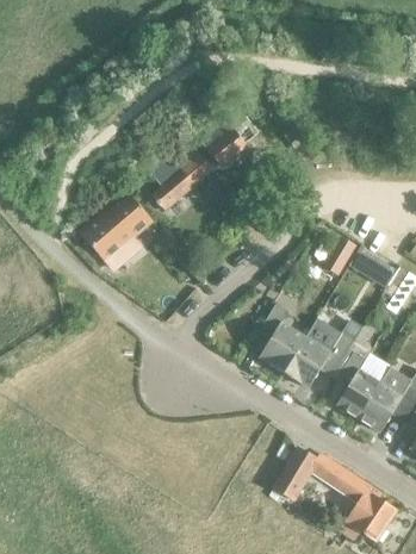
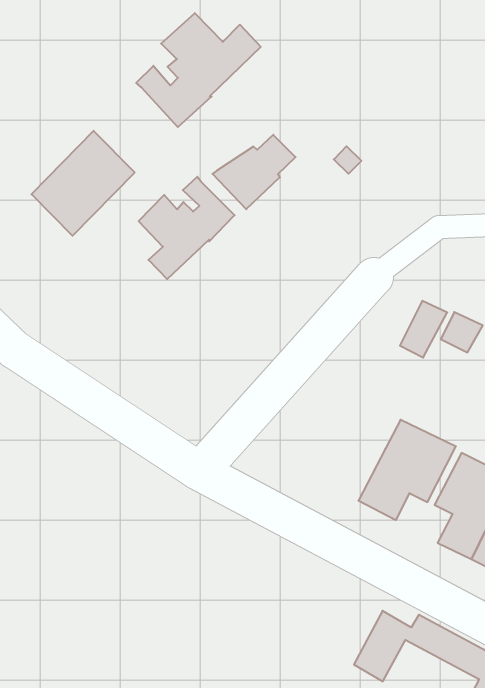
building: none -> [136,13,261,127]
building: [81,192,154,263] -> [31,131,135,236]
building: [260,304,306,373] -> none

